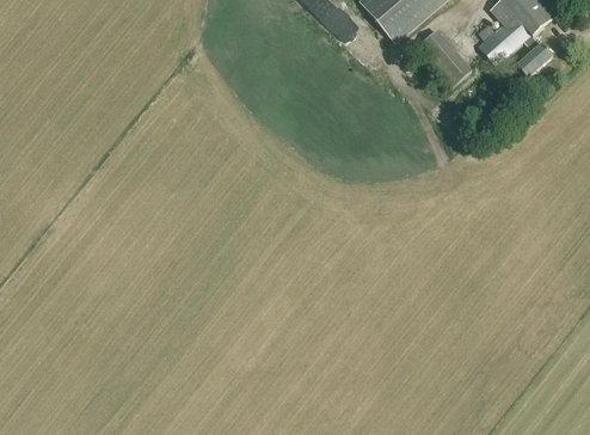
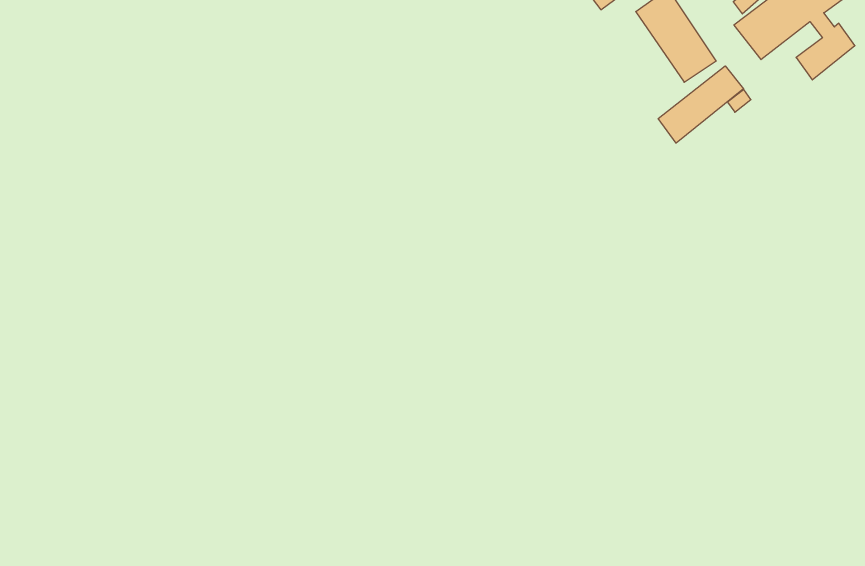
building: none -> [658,66,744,143]

